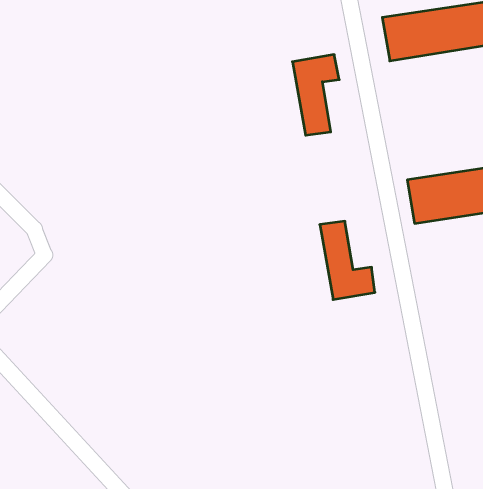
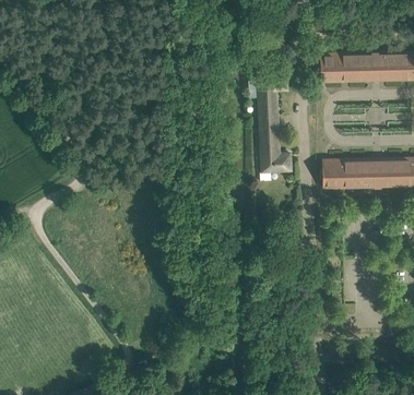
building: [320,221,375,300] -> [260,123,289,172]

